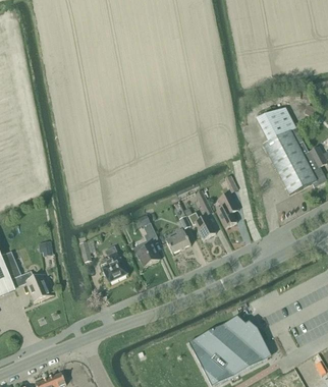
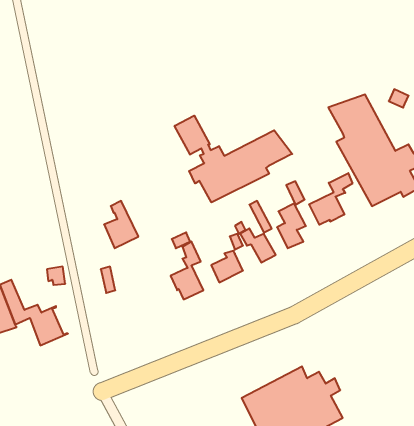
building: none -> [175,116,292,202]
building: none -> [309,173,352,225]
building: [100,245,126,282] -> [104,201,138,248]

